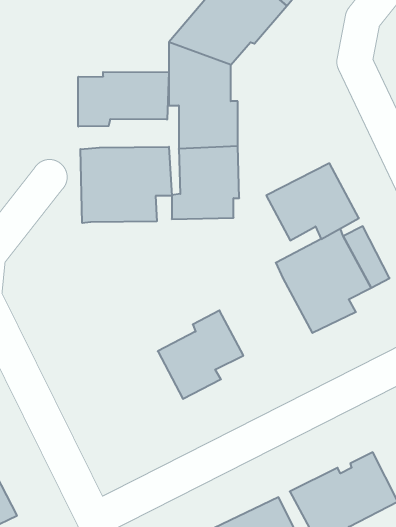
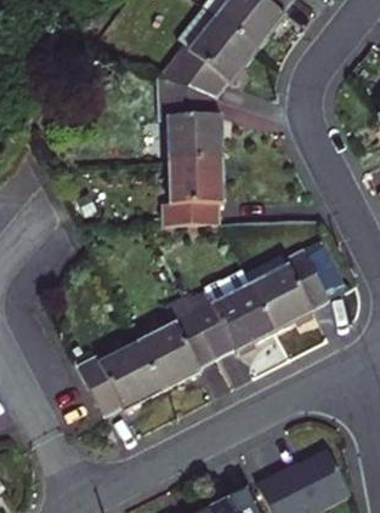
building: [78,72,169,127] -> none
building: [80,147,172,223] -> none
building: [266,163,359,240] -> [197,289,277,355]
building: none -> [85,352,165,414]

